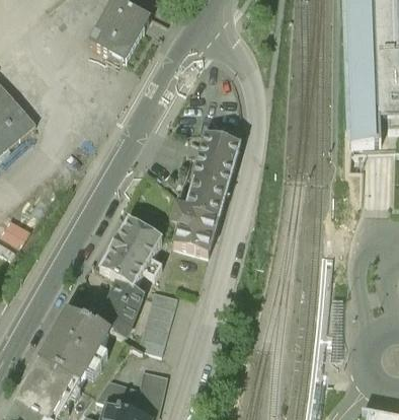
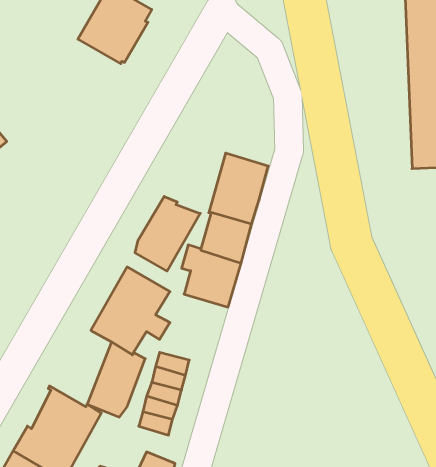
building: none -> [135,196,200,271]

